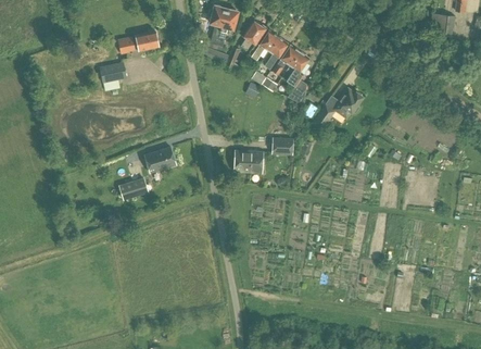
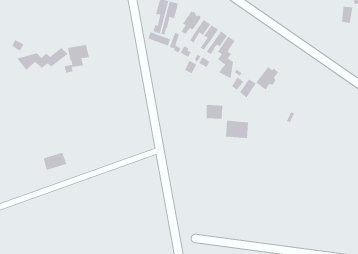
building: [117,29,159,53] -> none
building: none -> [16,47,68,70]
building: [144,146,176,172] -> none
building: [233,149,263,172] -> [225,120,249,139]
building: [118,176,149,199] -> [43,152,67,170]

